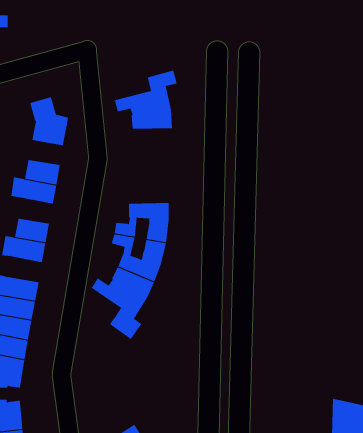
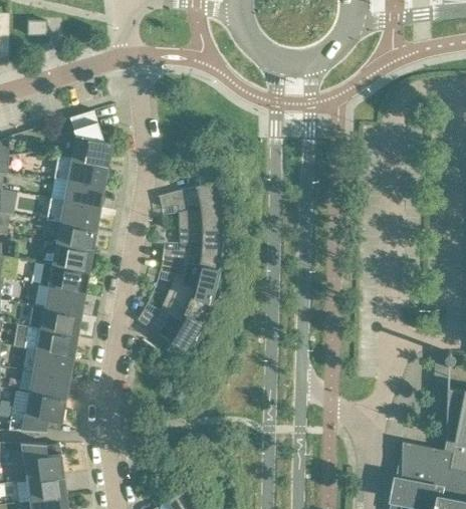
building: [113,70,177,129] -> [157,163,228,228]
building: none -> [54,156,106,186]
building: none -> [56,222,95,250]
building: none -> [44,286,83,314]

